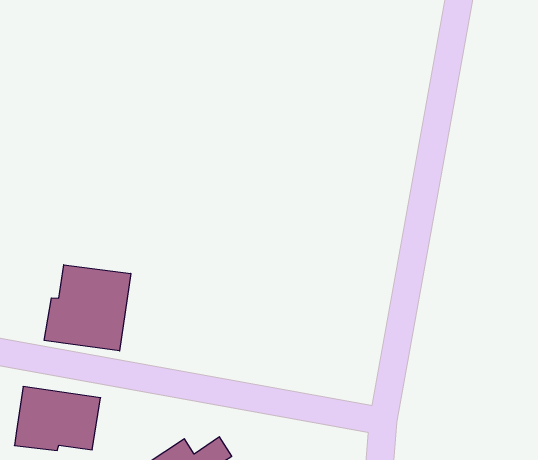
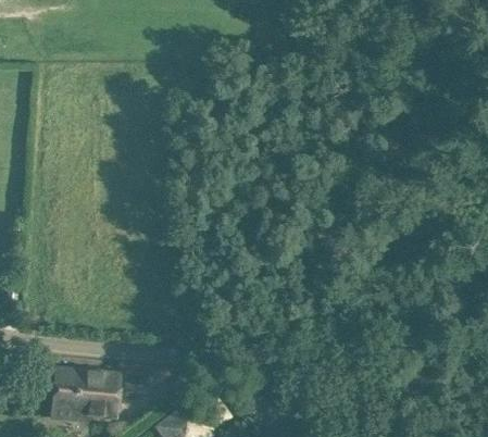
building: [44,265,131,351] -> none

